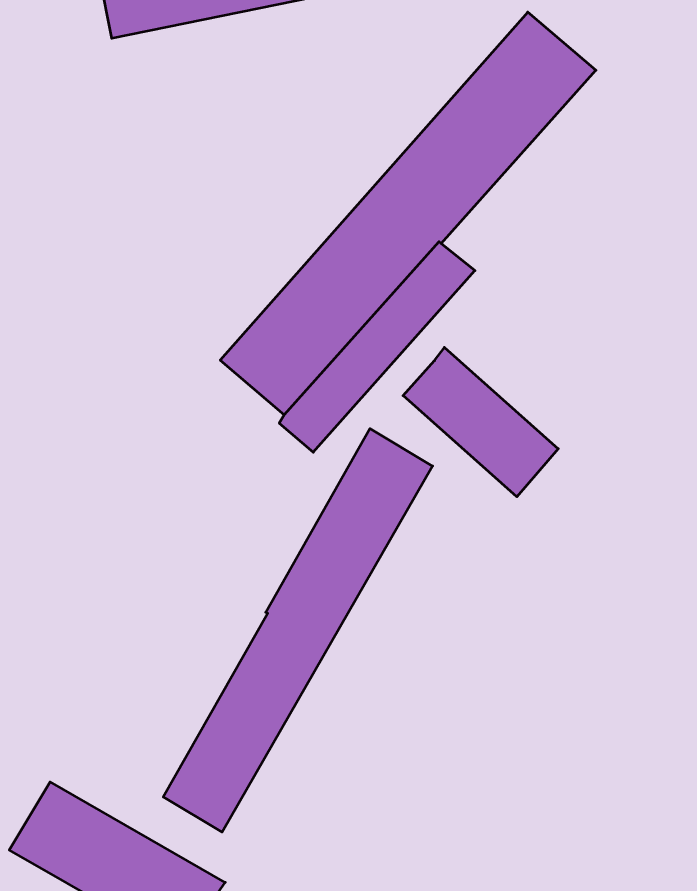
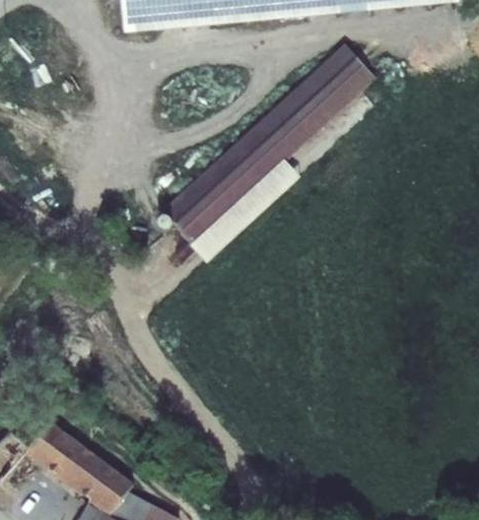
building: [403,347,558,497] -> none
building: [163,429,433,832] -> none

